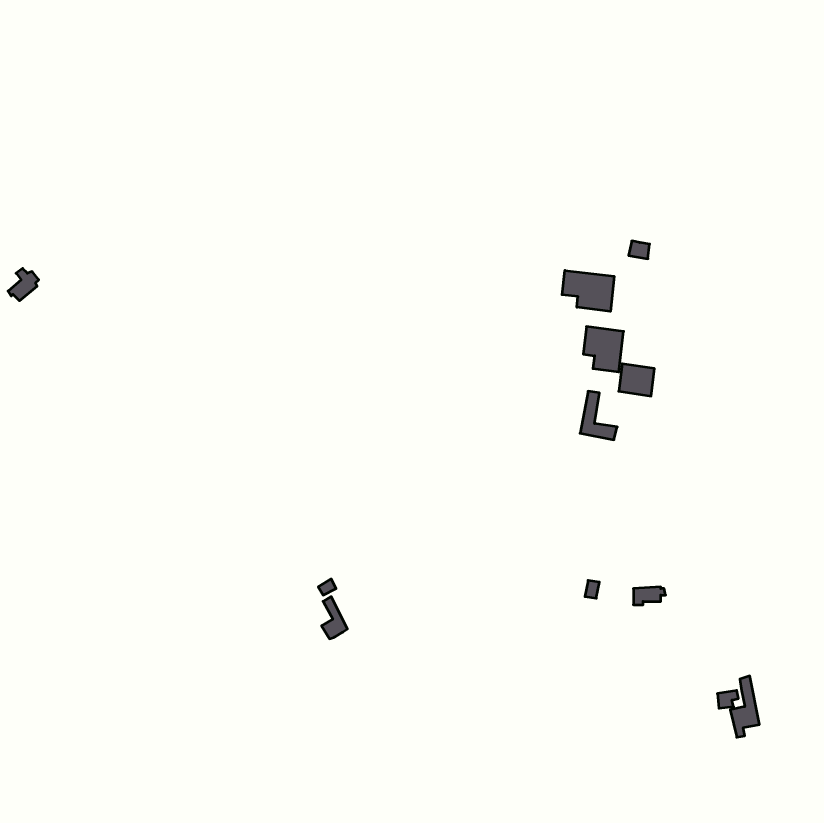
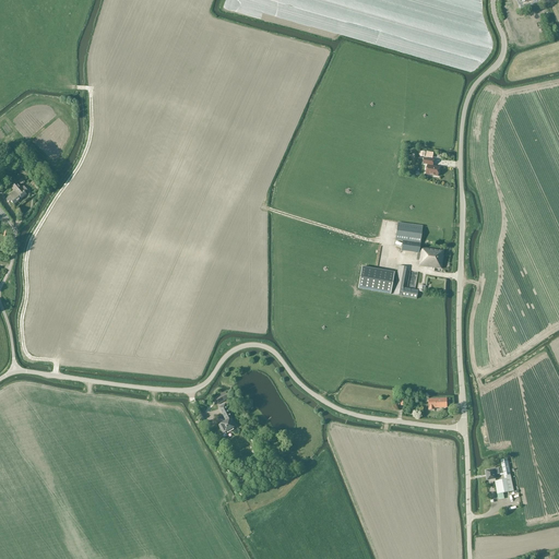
building: [562,270,614,311] -> none
building: none -> [358,265,393,293]

